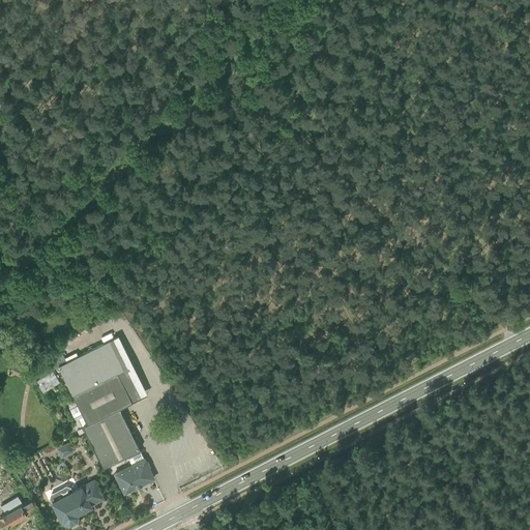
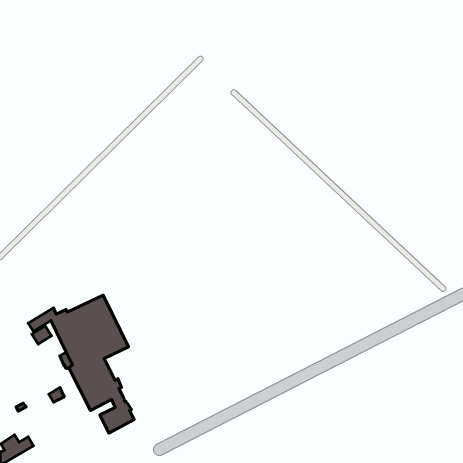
building: [50,480,104,525] -> none

